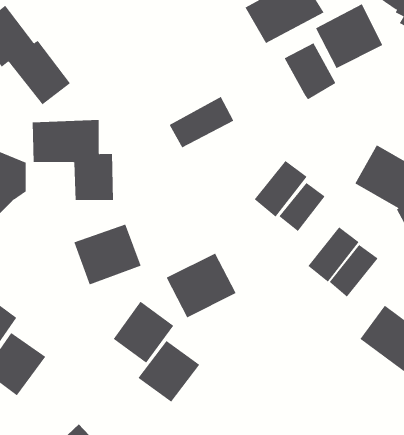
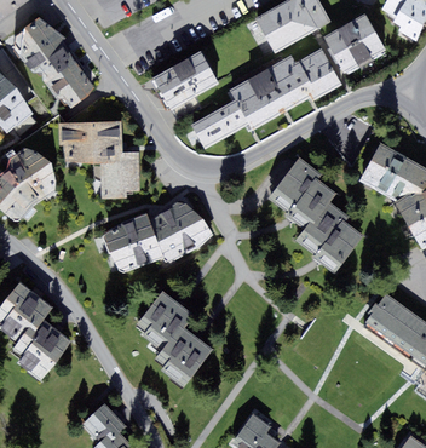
building: none -> [151,50,218,110]
building: none -> [230,56,313,131]
building: [329,244,378,298] -> [299,202,345,252]
building: [166,253,236,318] -> [151,200,217,260]

